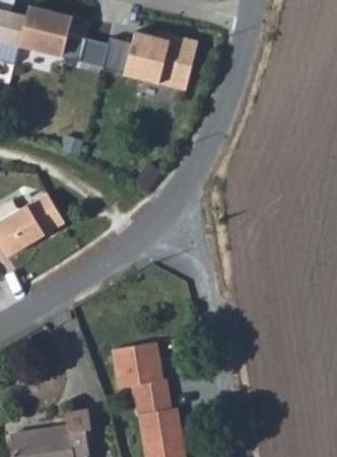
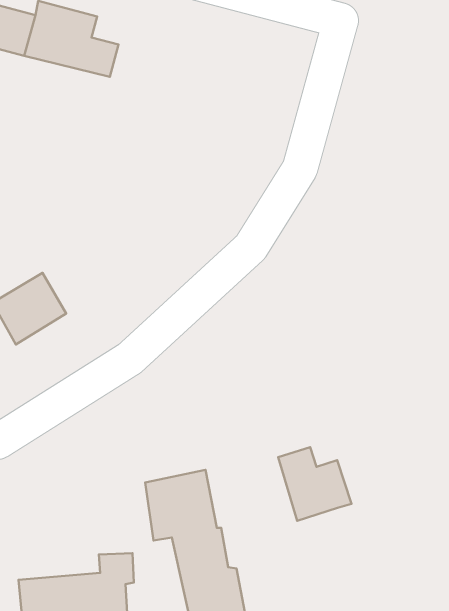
building: [105,30,201,89] -> none
building: none -> [278,447,351,521]

